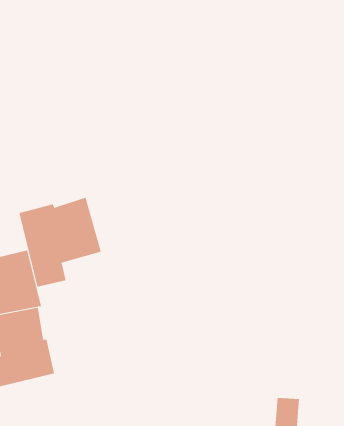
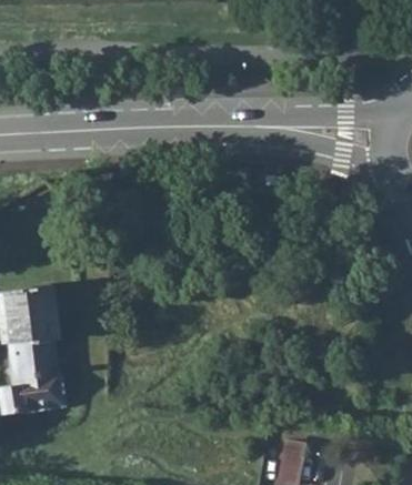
building: [19,197,102,287] -> none

